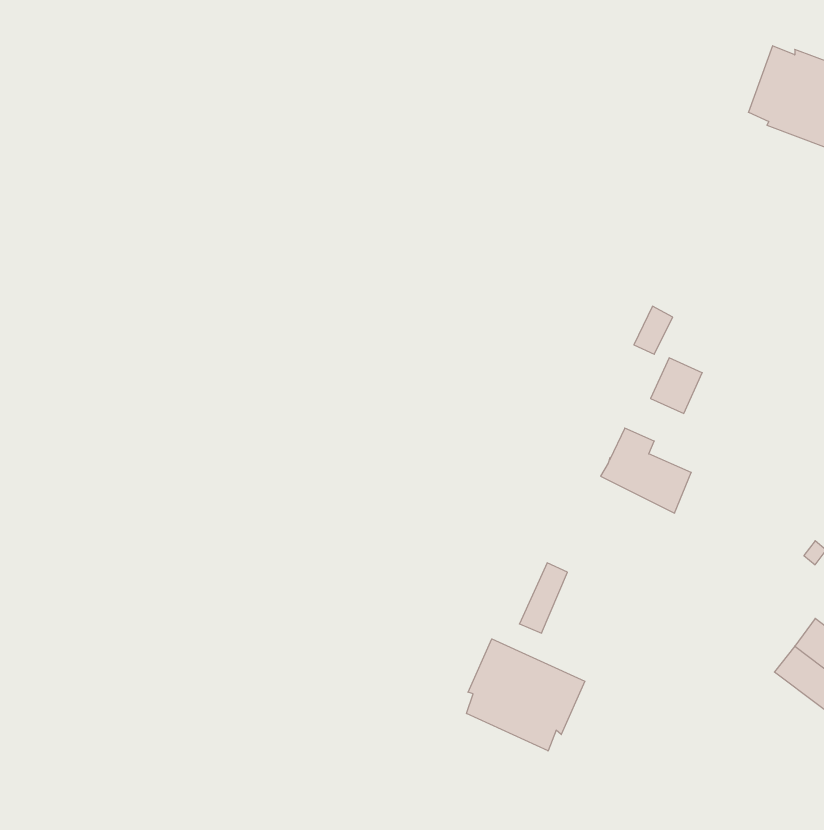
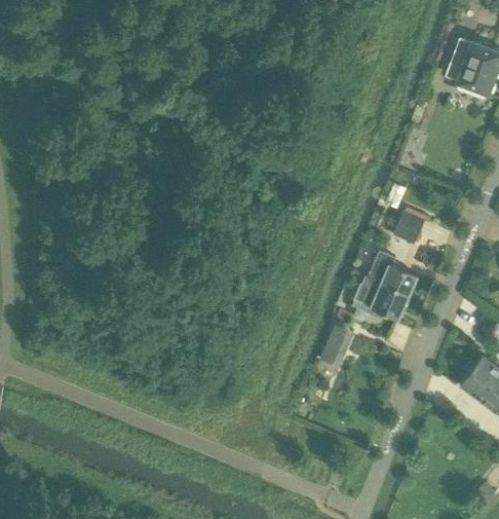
building: none -> [361,277,406,320]
building: [467,639,585,751] -> none

